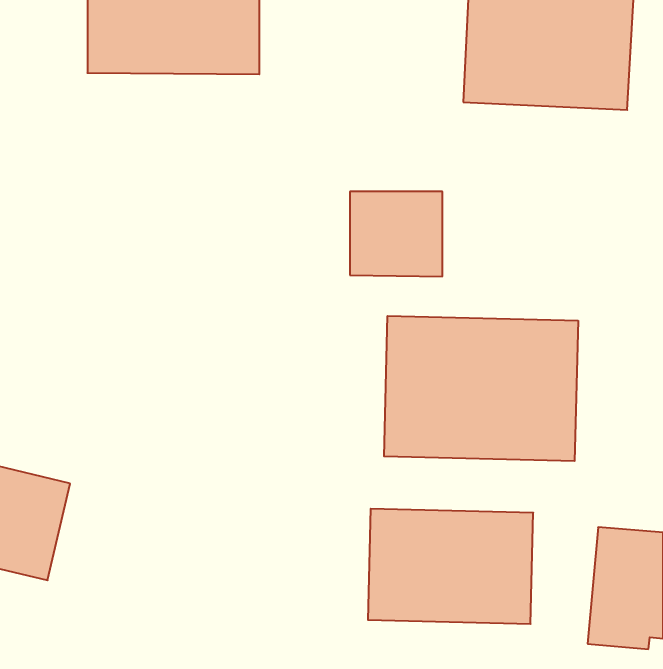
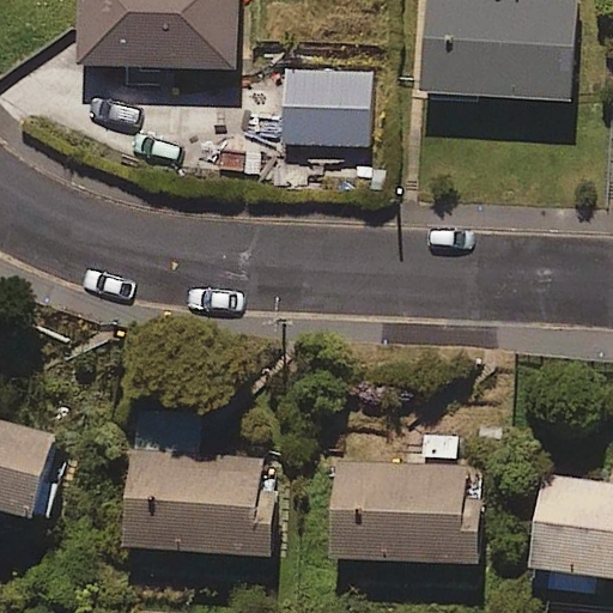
building: [350,192,442,276] -> [280,66,364,142]
building: [384,316,578,461] -> none
building: none -> [122,409,278,557]

